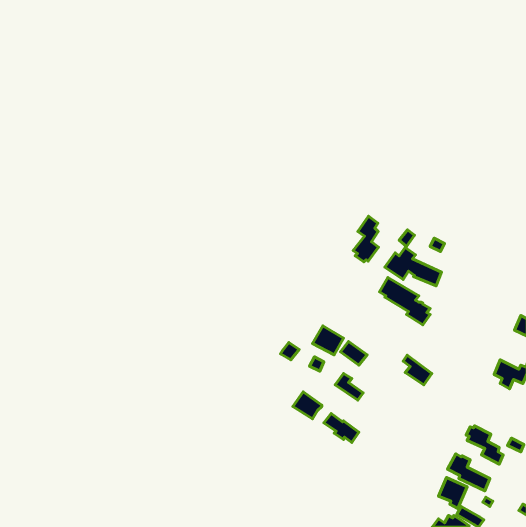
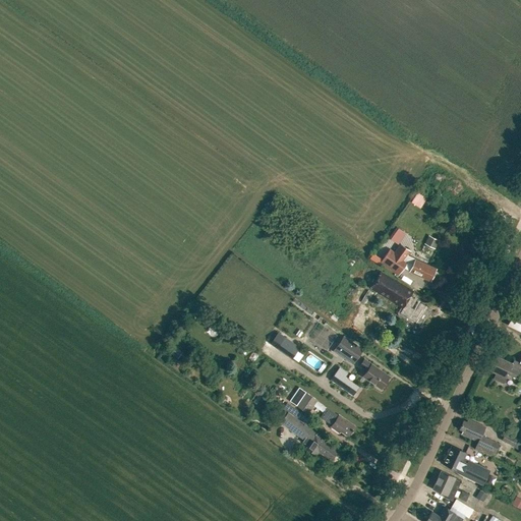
building: [353,216,378,262] -> none
building: [403,355,432,385] -> [361,359,390,389]
building: none -> [281,412,338,460]

